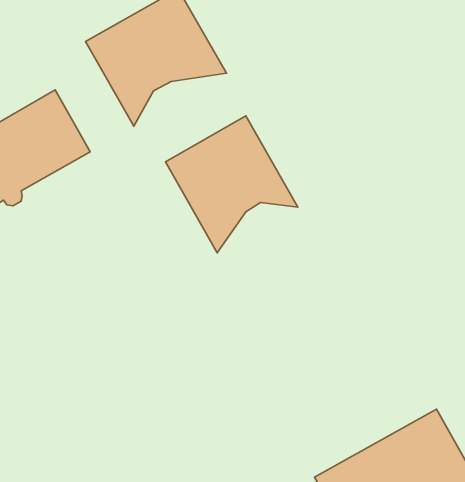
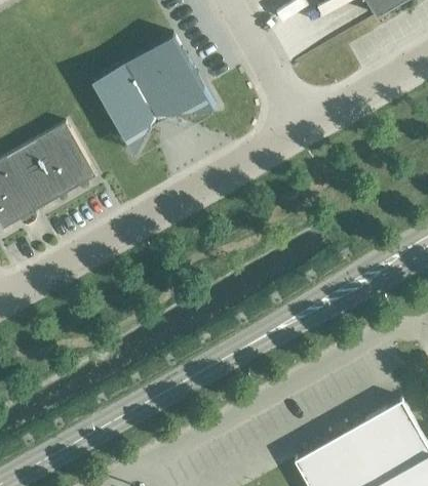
building: [165,116,298,253] -> none

